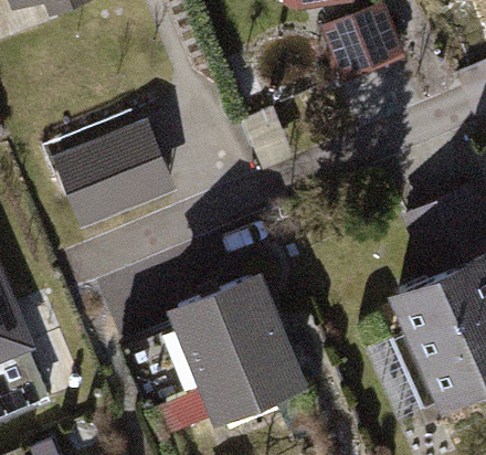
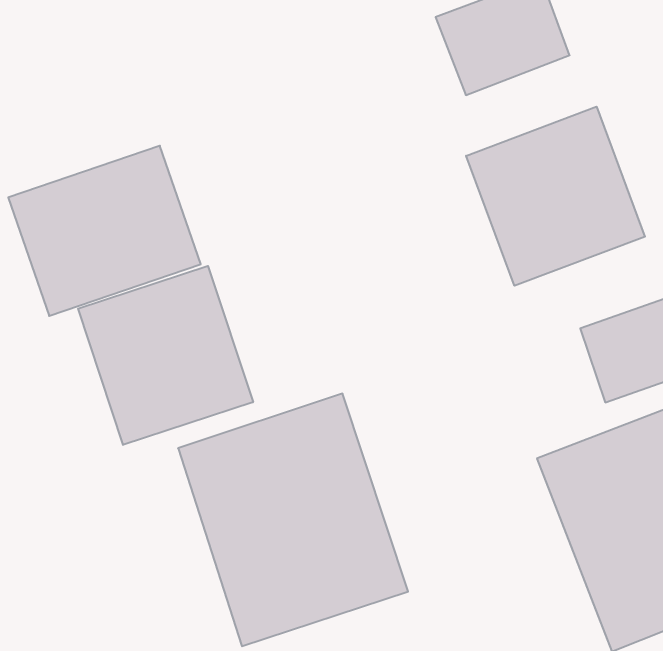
building: none -> [466,107,645,286]
building: none -> [78,266,253,445]

